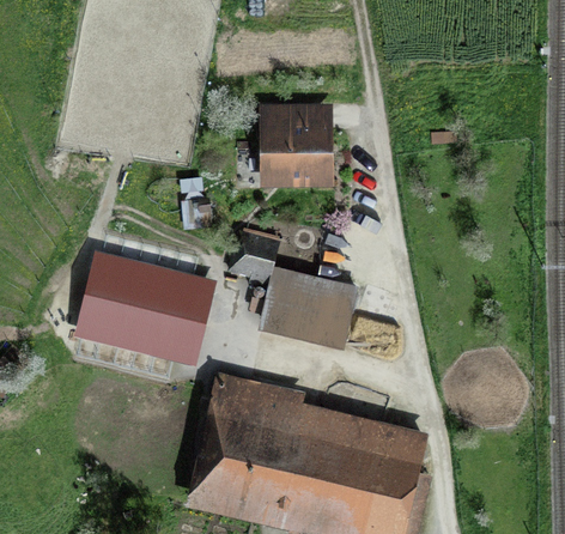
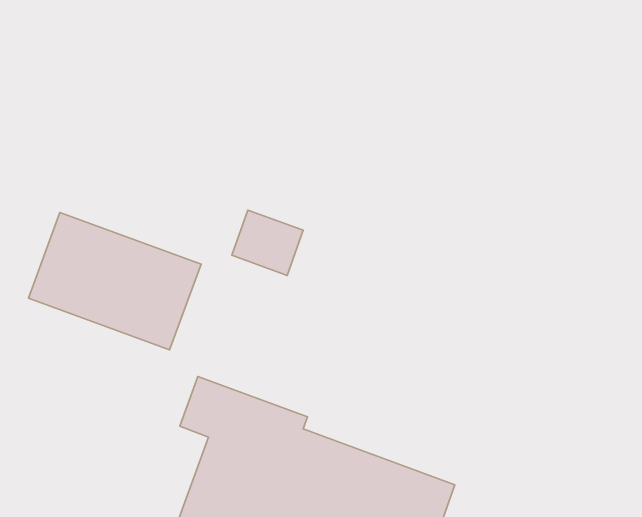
building: [262,109,338,193] -> none
building: [262,272,363,353] -> none

